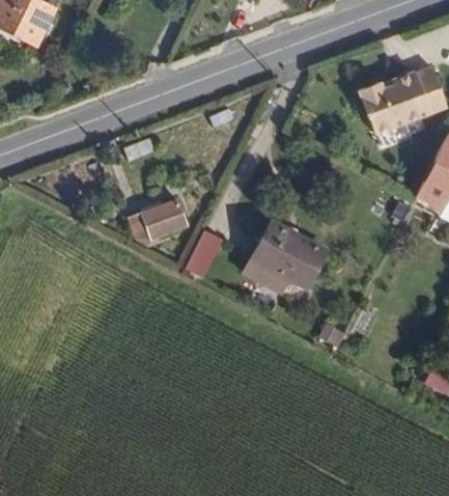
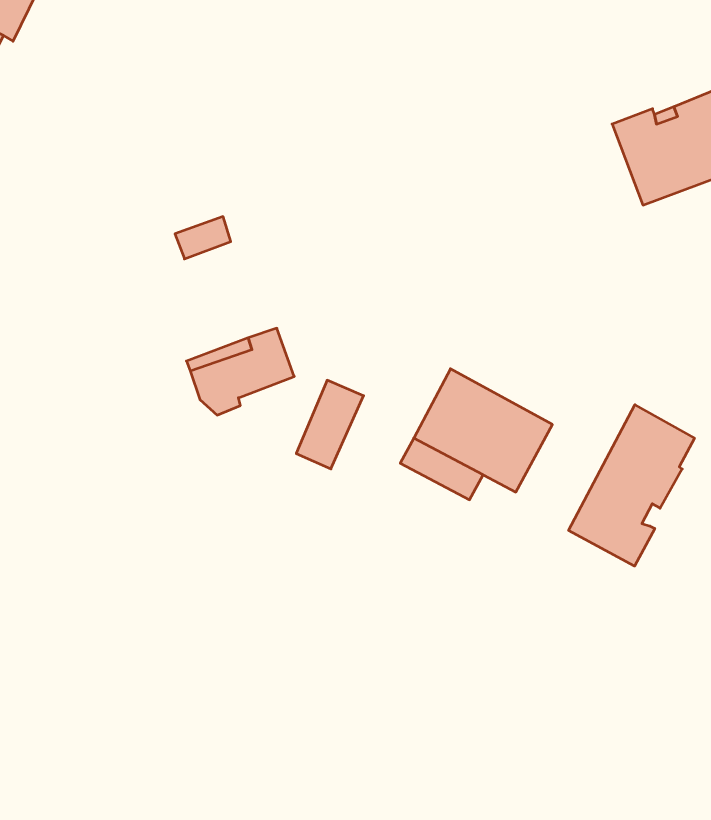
building: none -> [569,405,694,566]

